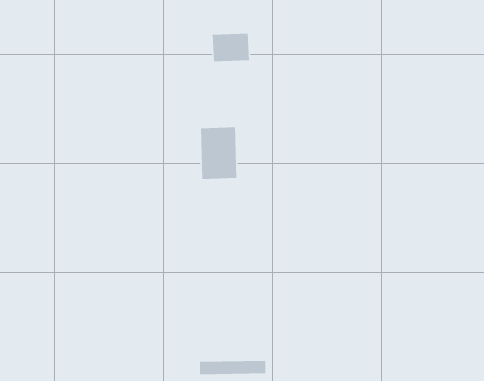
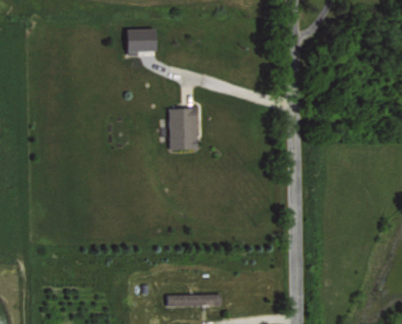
building: [212,33,250,62] -> [126,28,156,52]

